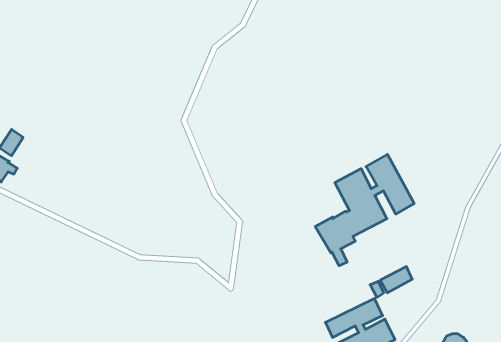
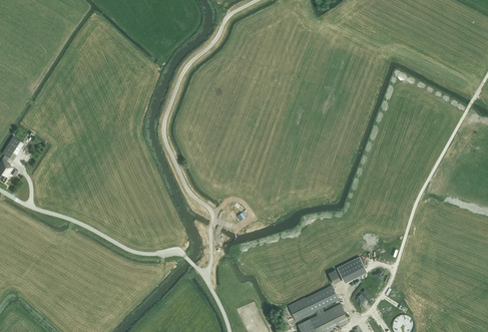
building: [315,154,414,266] -> none

